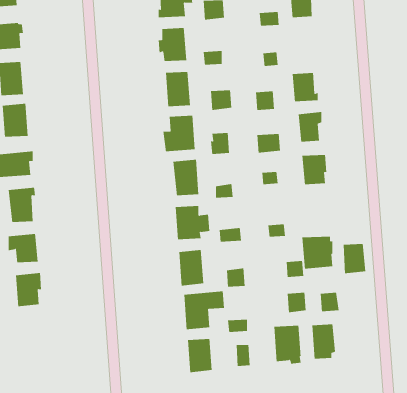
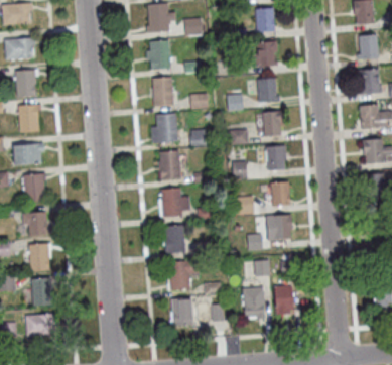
building: none -> [249,42,277,67]
building: [343,243,366,274] -> [271,182,290,208]
building: none -> [30,278,51,307]
building: none -> [24,314,56,337]

